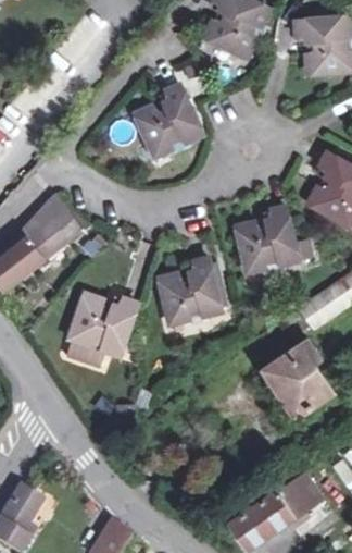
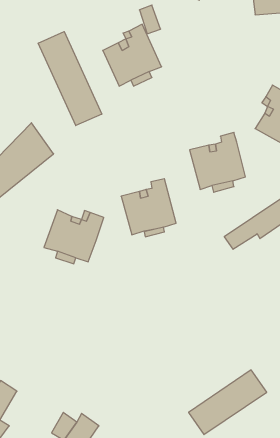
building: none -> [38,32,102,126]
building: [262,340,329,418] -> none

